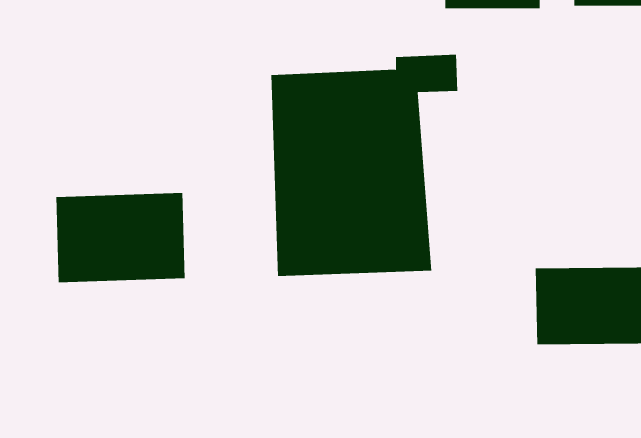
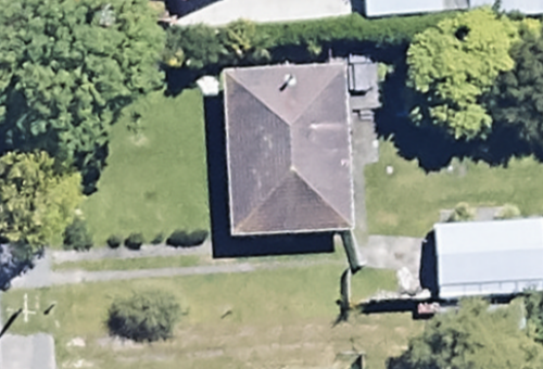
building: [56,192,185,283] -> none

